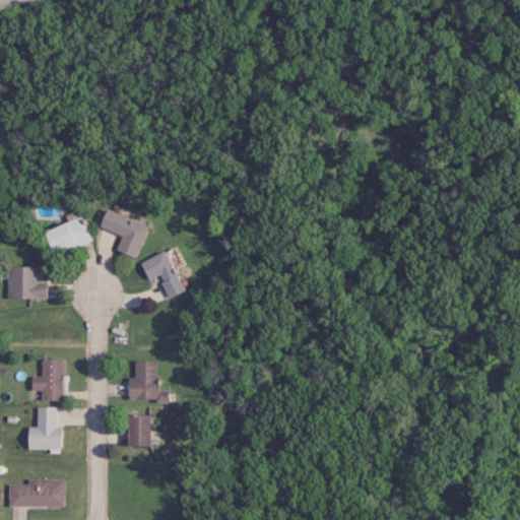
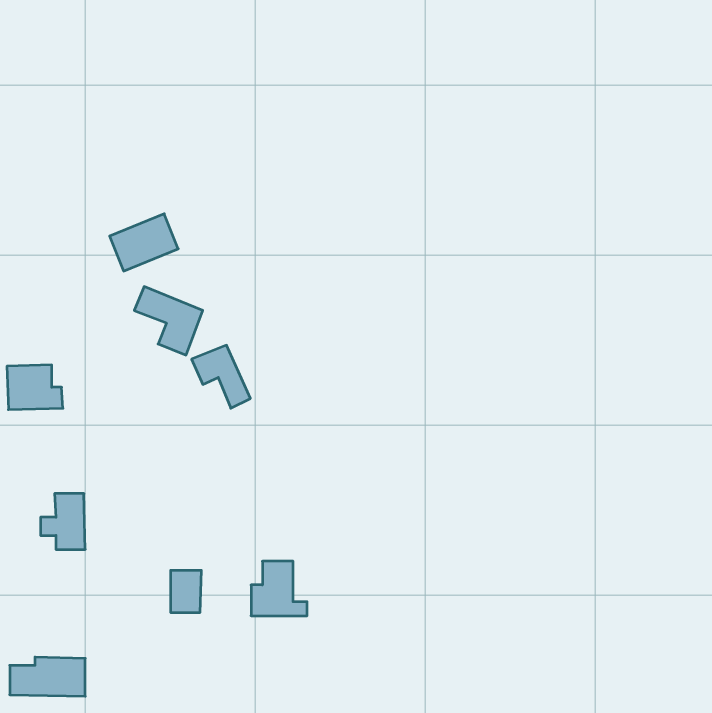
building: [42,215,91,257] -> [110,214,178,271]
building: [127,361,168,400] -> [251,561,307,616]
building: [27,407,63,450] -> none

